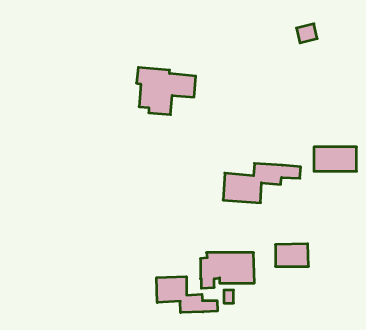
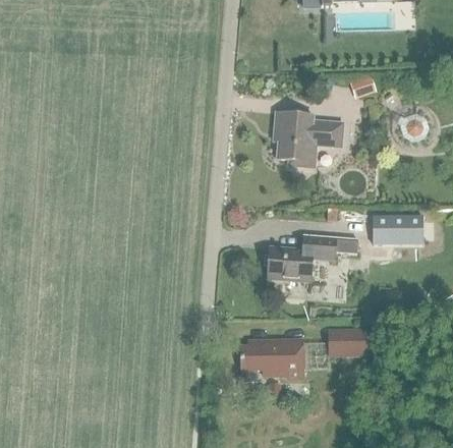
building: [136,67,196,115] -> [274,112,343,167]
building: [157,277,217,313] -> none

